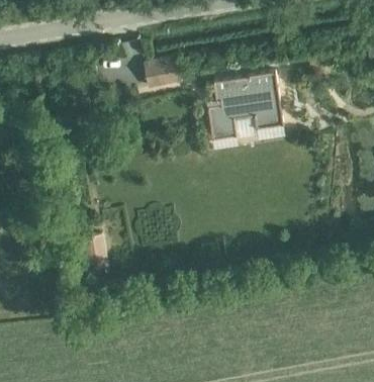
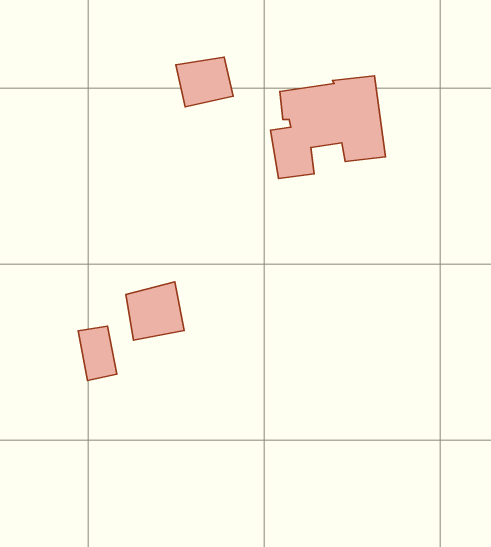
building: none -> [126,282,184,340]

